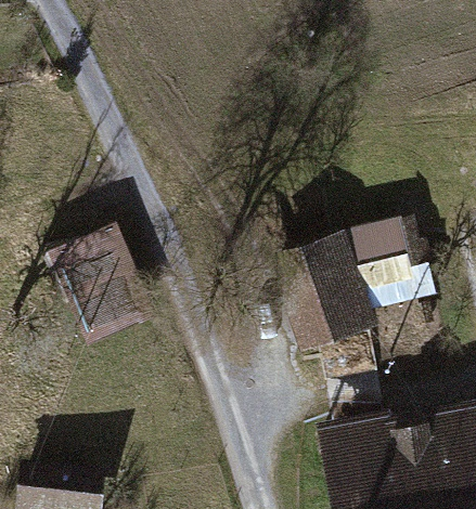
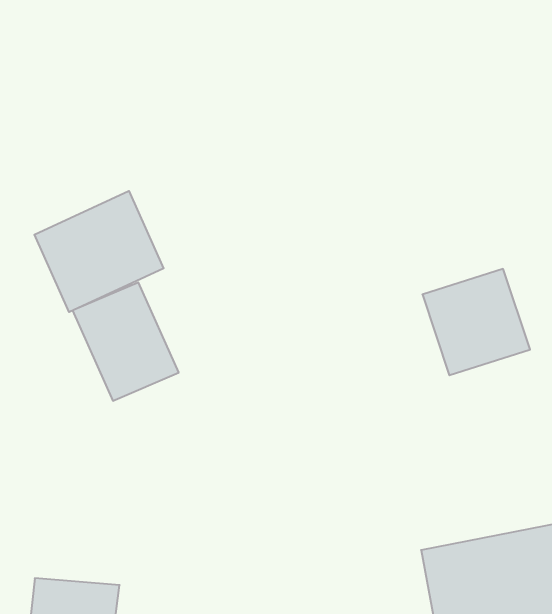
building: none -> [34,191,164,312]
building: [282,234,371,344] -> none

